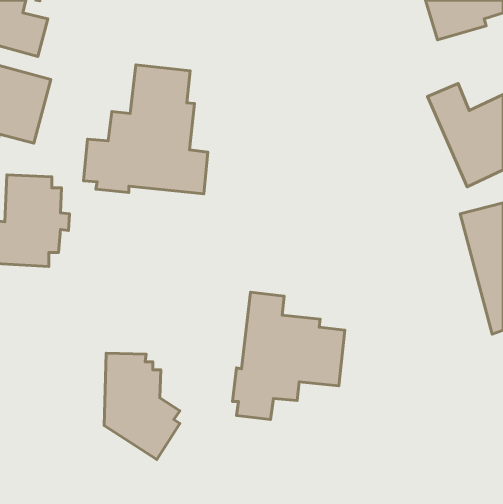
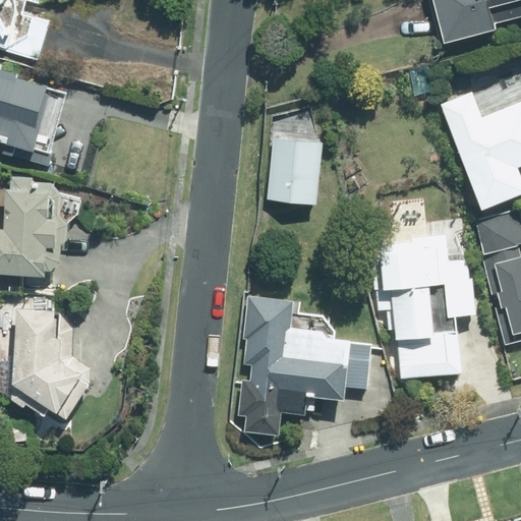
building: [83,65,208,194] -> none
building: none -> [267,137,321,202]
building: none -> [372,238,474,375]
building: [104,353,180,459] -> [16,310,94,419]

